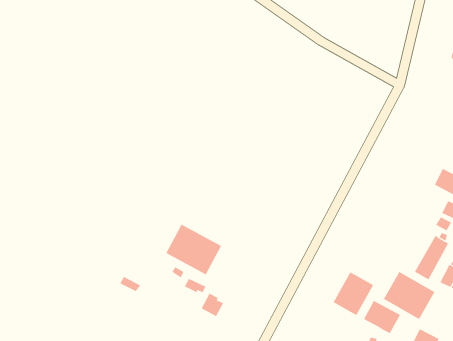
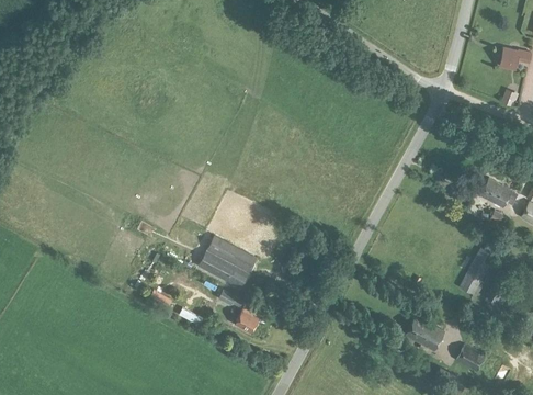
building: [383,271,435,320] -> none
building: [333,272,374,316] -> none

